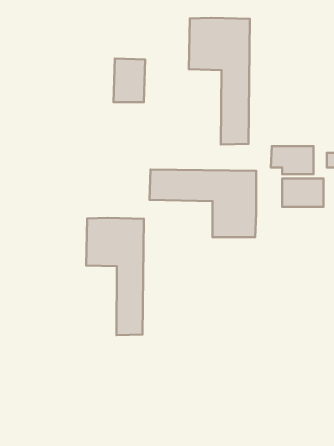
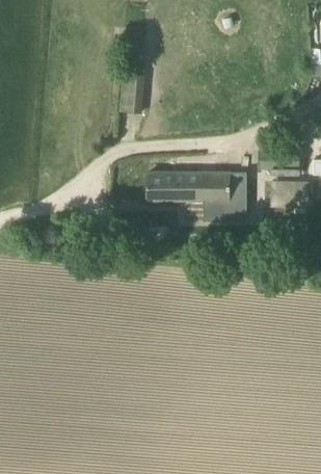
building: [189,18,250,145] -> none
building: [86,218,144,335] -> none

